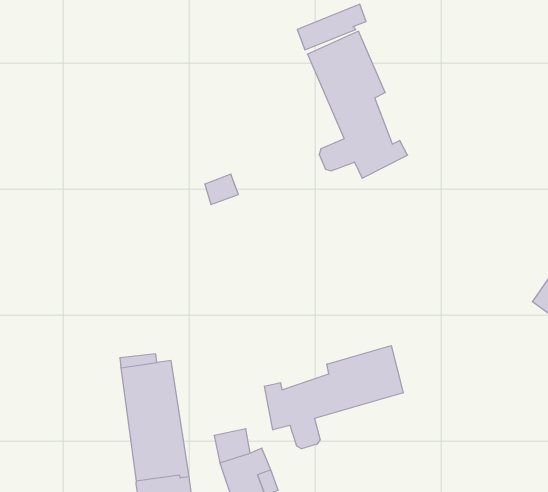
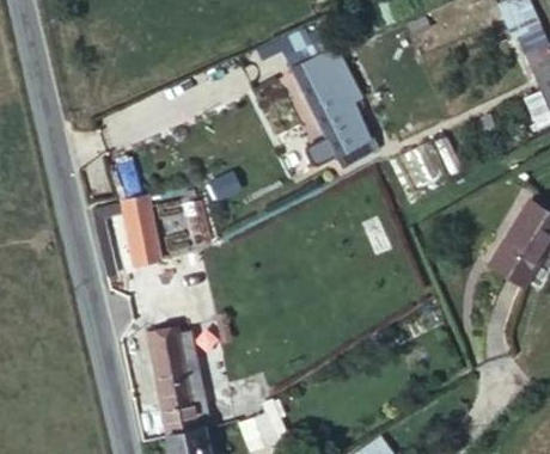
building: none -> [122,196,159,264]
building: [264,346,403,449] -> none

